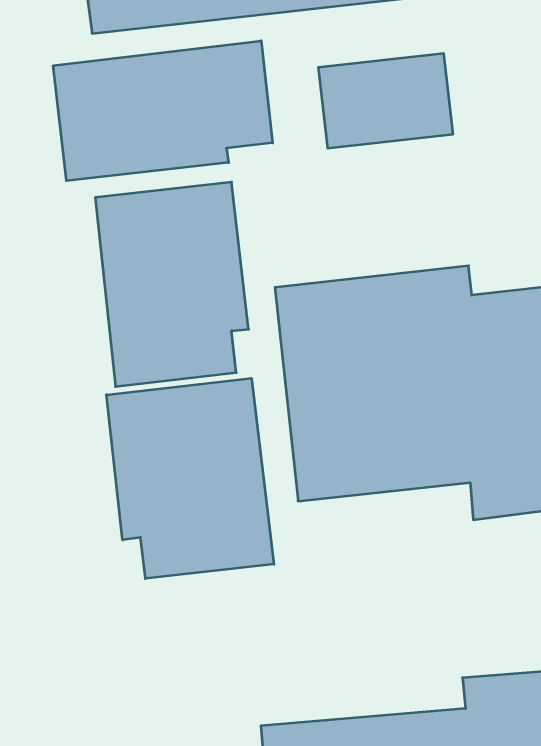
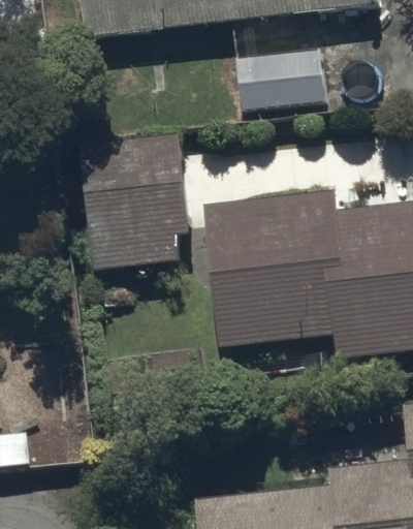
building: [53,41,273,181] -> none
building: [106,378,274,579] -> none

